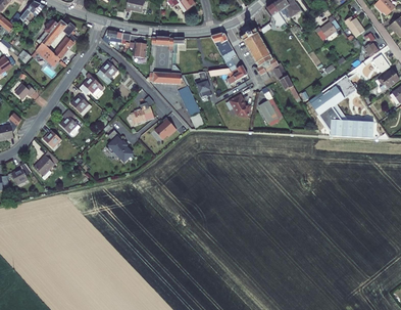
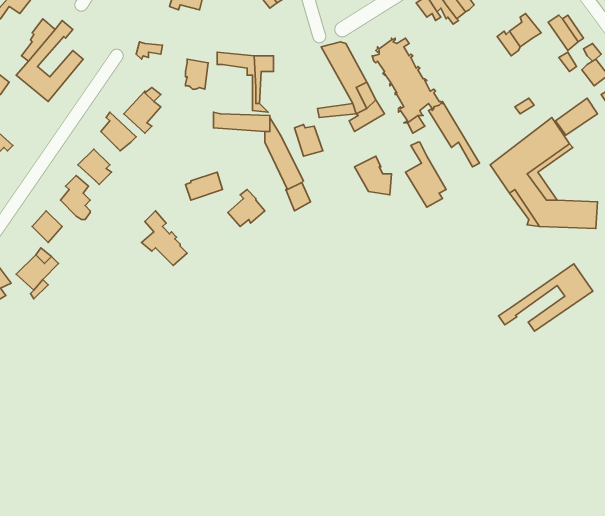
building: none -> [499,264,593,331]

